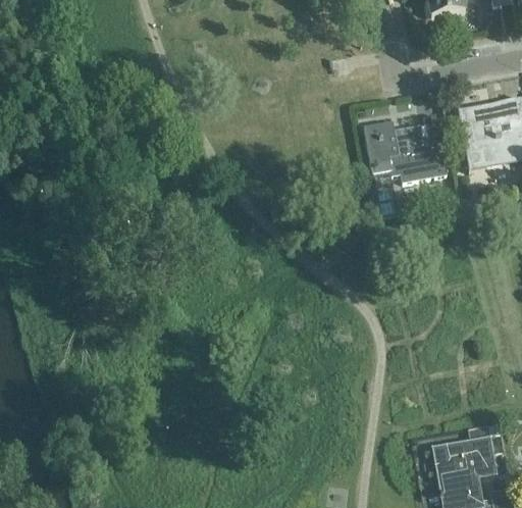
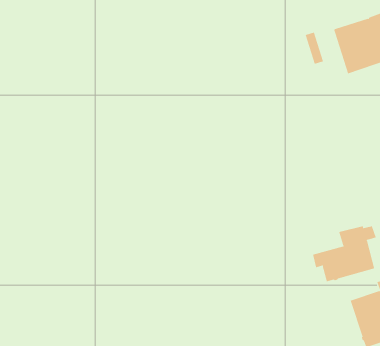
building: [364,122,429,176] -> none
building: none -> [313,225,376,282]

